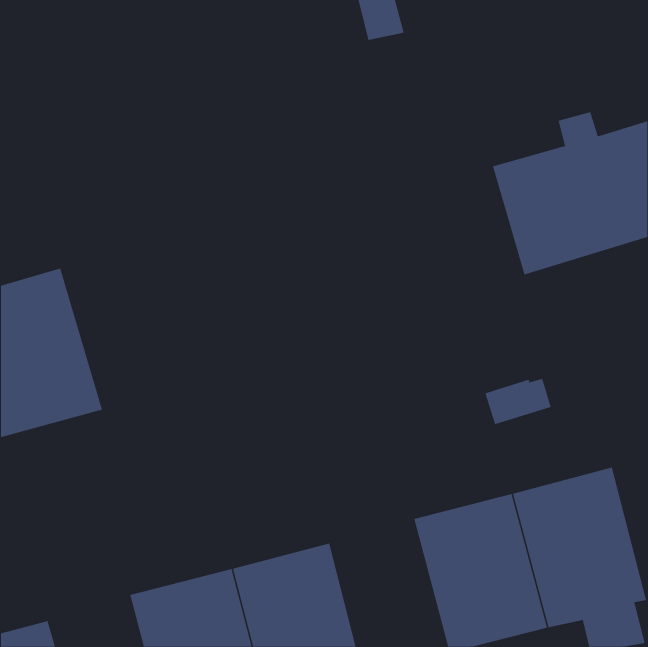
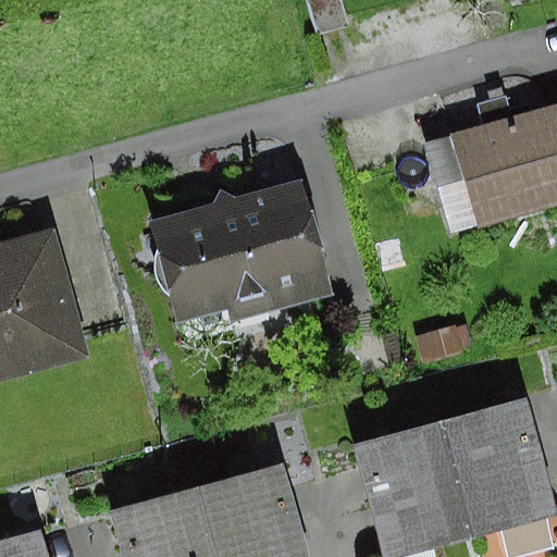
building: none -> [148,182,333,323]

